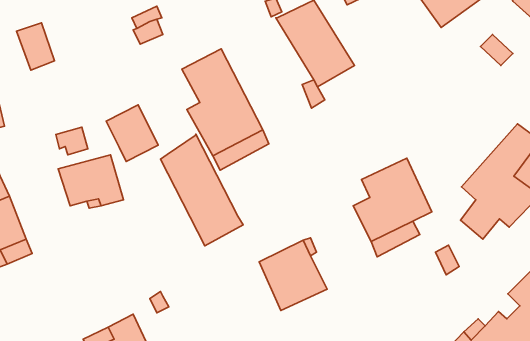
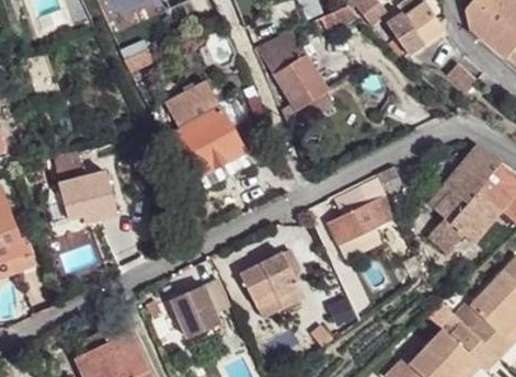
building: [106,105,158,162] -> none
building: [160,134,243,246] -> none
building: none -> [170,279,227,338]

